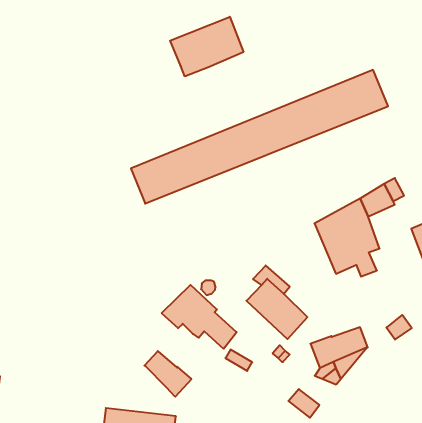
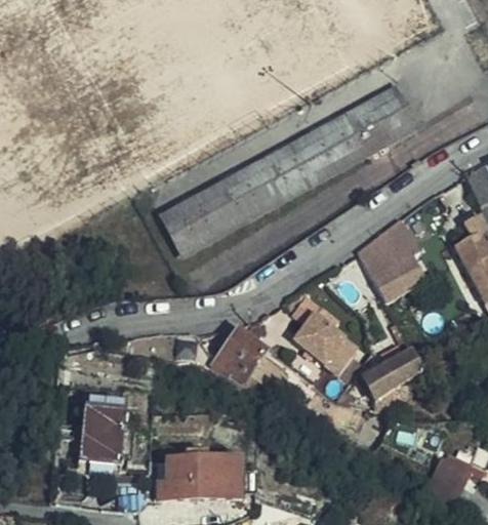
building: [170,17,243,76] -> none
building: none -> [79,409,125,460]
building: [144,351,191,397] -> none

